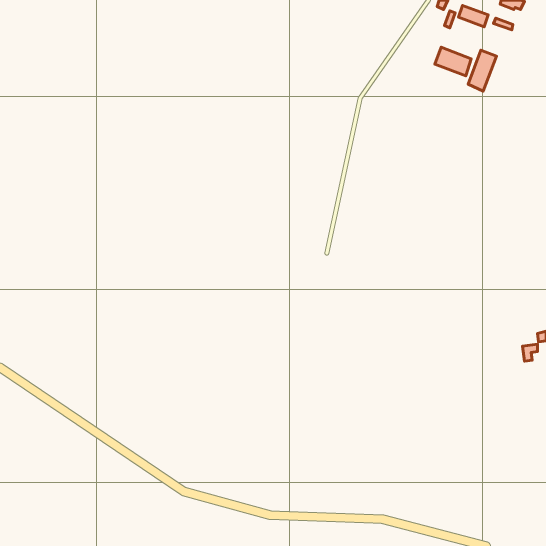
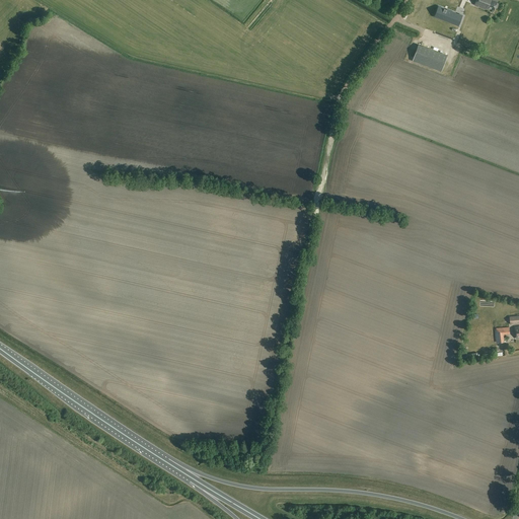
building: [468,50,496,91] -> none

